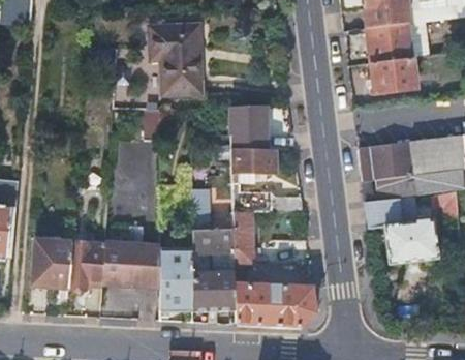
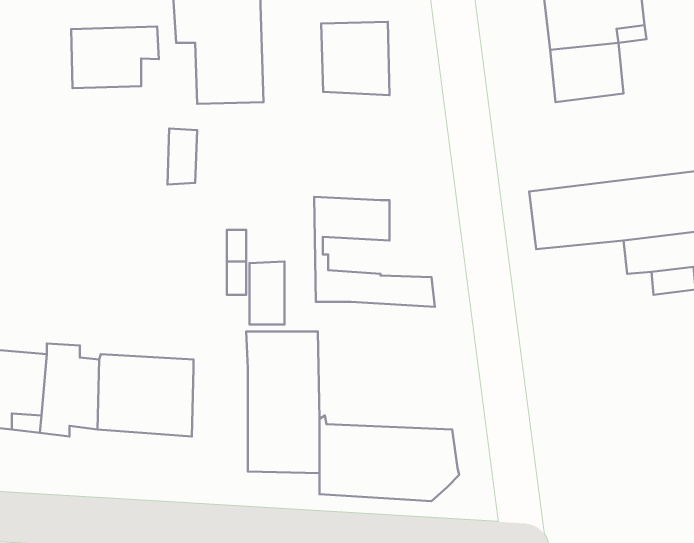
building: none -> [71,26,159,88]
building: [230,108,271,151] -> [321,22,390,95]
building: [365,196,437,262] -> none
building: [233,211,253,280] -> none
building: [159,250,192,311] -> none

